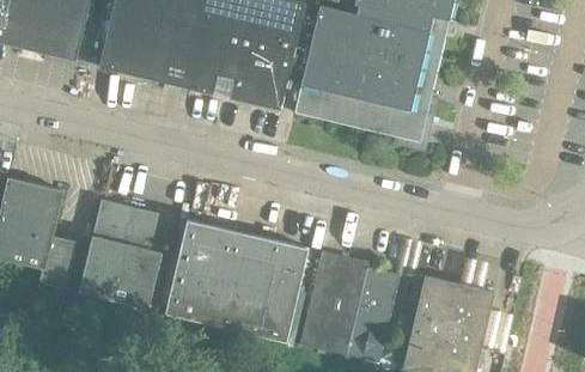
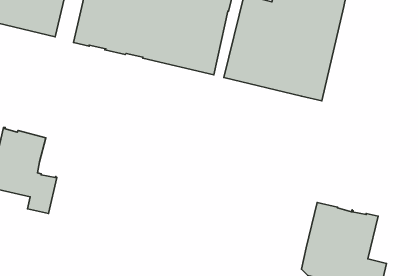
building: [79,199,169,307] -> none
building: [164,219,307,341] -> none
building: [299,251,400,359] -> none

